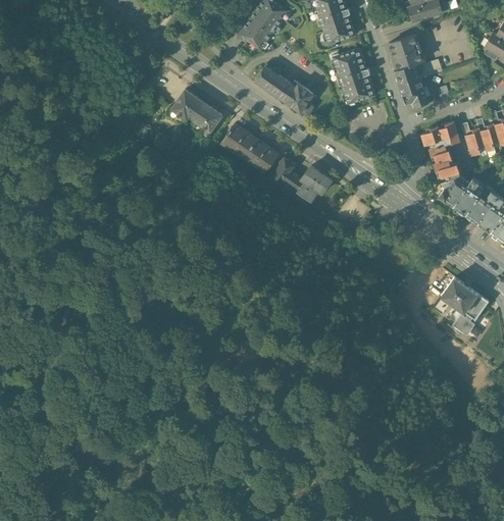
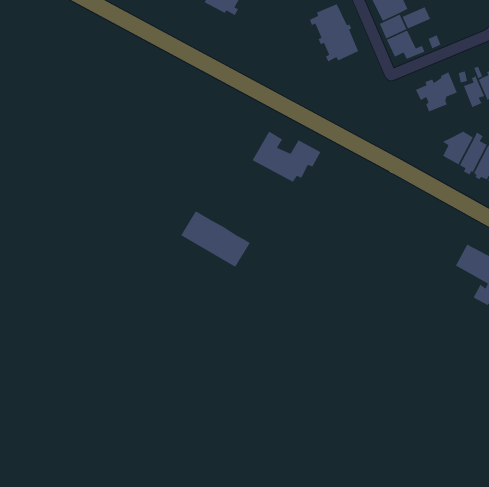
building: [255,66,313,116] -> none
building: [170,91,221,140] -> none
building: [216,120,280,176] -> [180,210,251,268]
building: [434,151,460,181] -> none

